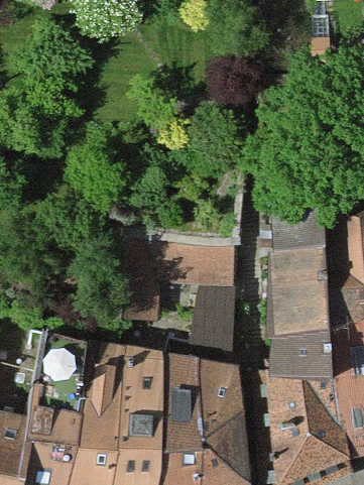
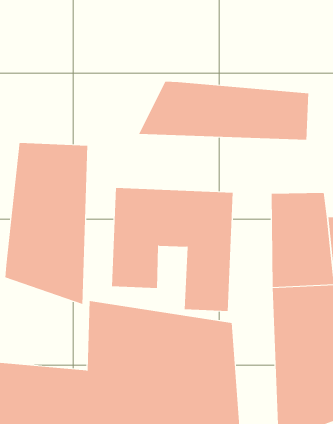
building: none -> [138,81,309,141]
building: none -> [5,142,88,305]

